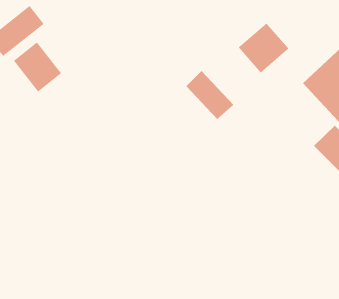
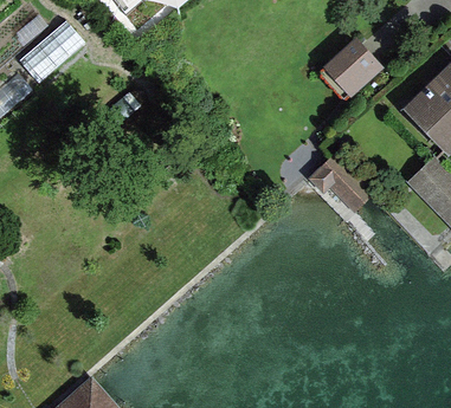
building: [13,42,62,92] -> none
building: [186,70,234,120] -> [311,155,369,214]

